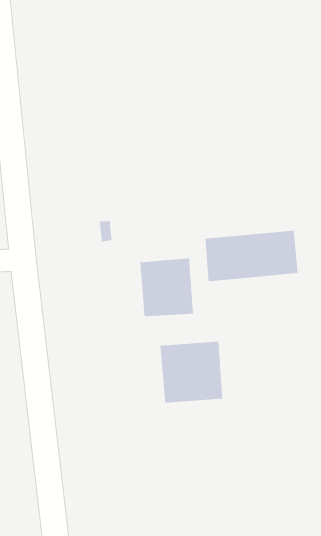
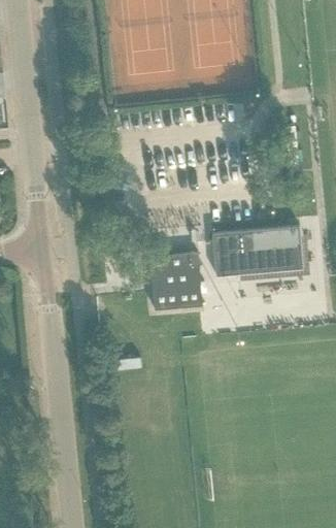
building: [159,341,223,404] -> none

